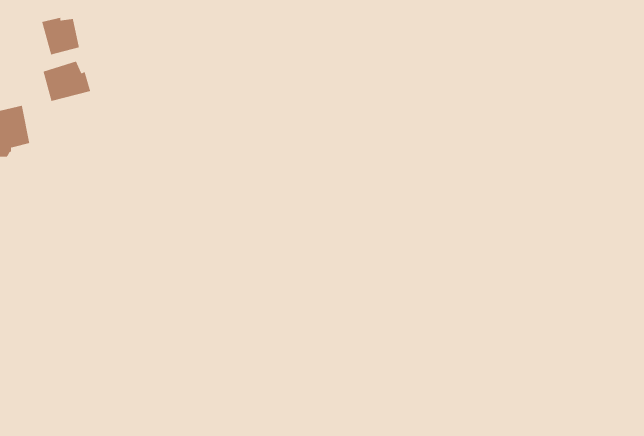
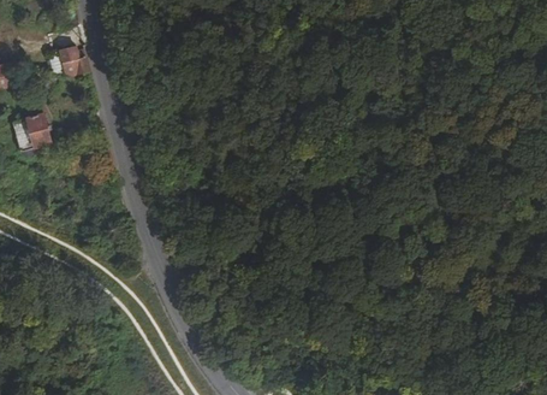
building: [43,60,91,102] -> none

